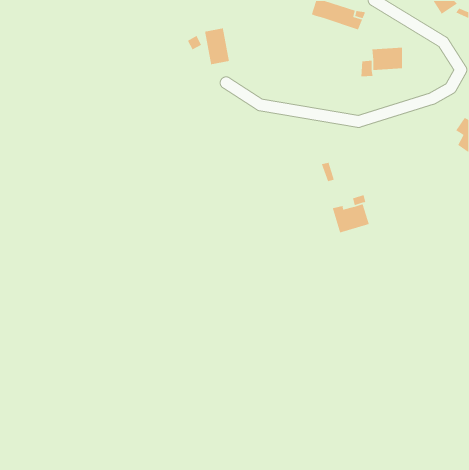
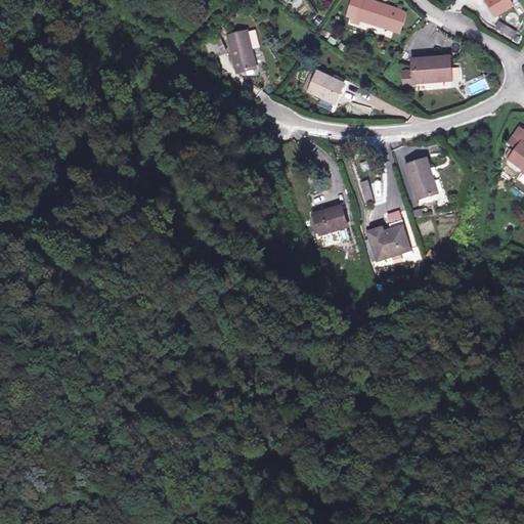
building: none -> [306,69,343,103]
building: none -> [407,158,436,196]
building: none -> [313,207,349,233]

